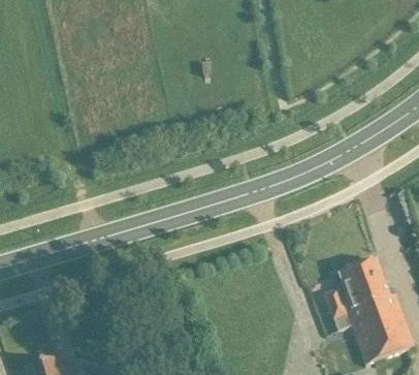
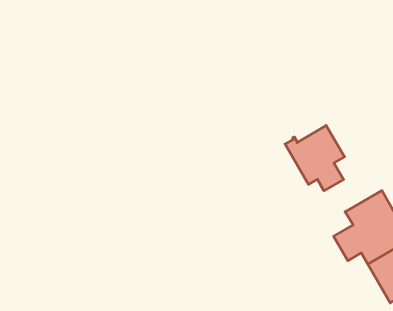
building: none -> [285,125,345,191]

